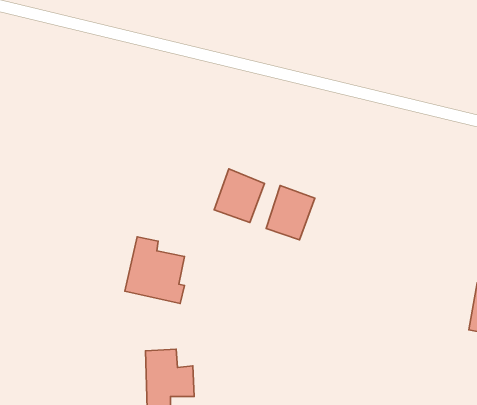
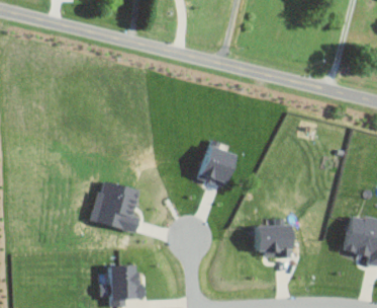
building: [214,169,265,222] -> none
building: none -> [251,225,293,256]

